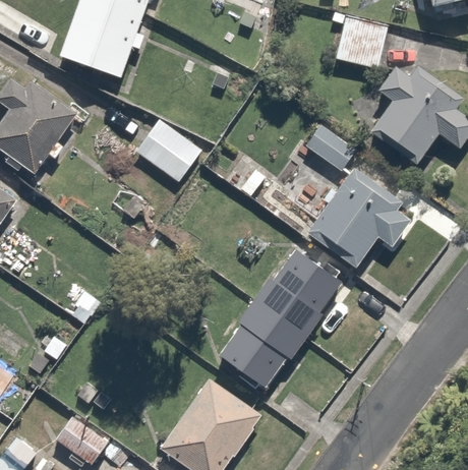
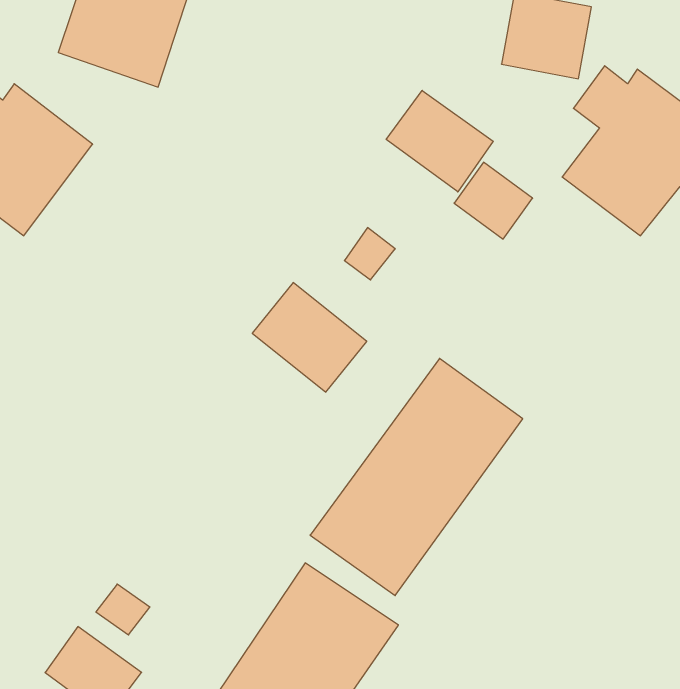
building: none -> [386,90,493,192]
building: [131,119,202,187] -> [252,283,367,392]
building: [304,164,418,269] -> none

